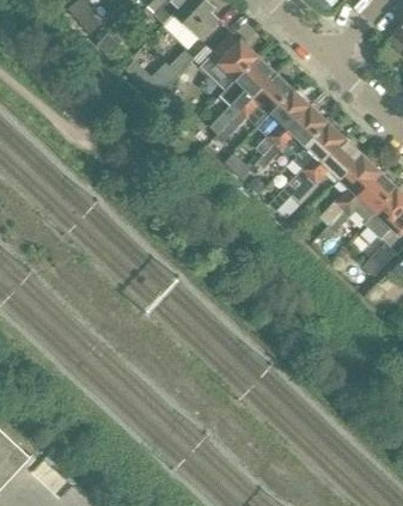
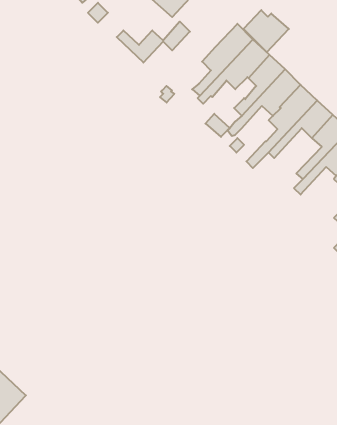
building: [209,36,258,81] -> [244,10,289,52]

